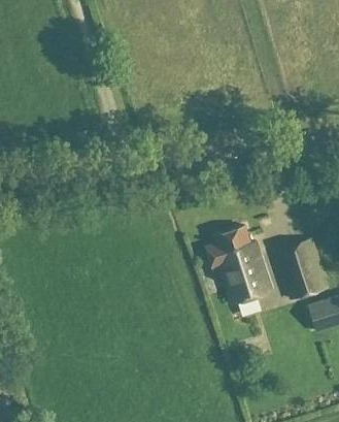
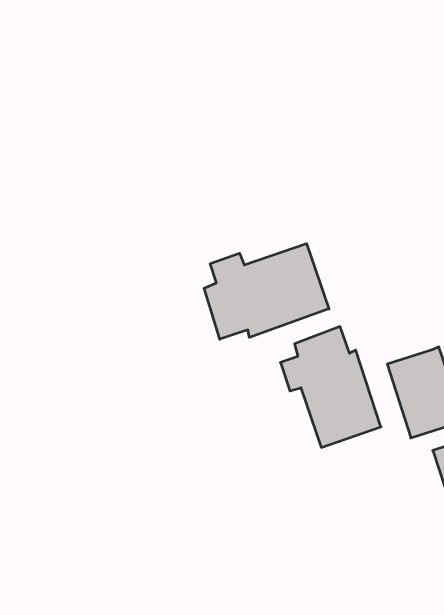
building: none -> [204,244,329,339]

